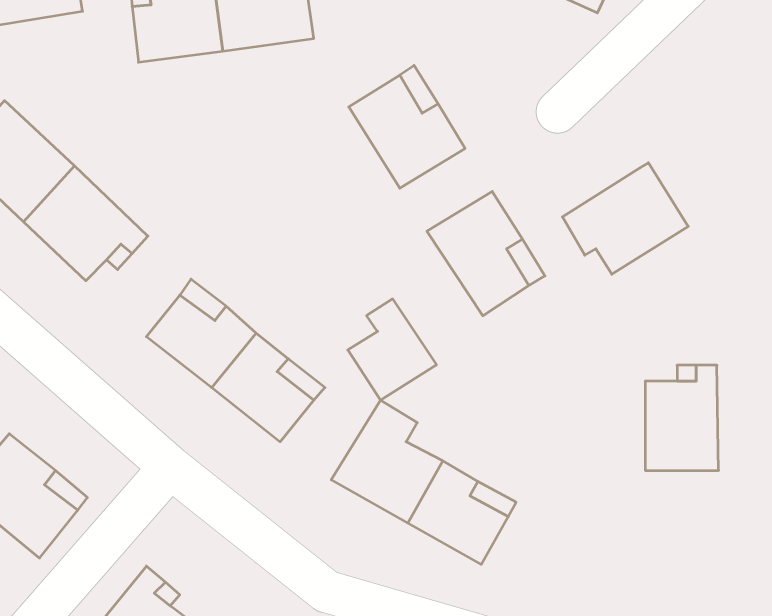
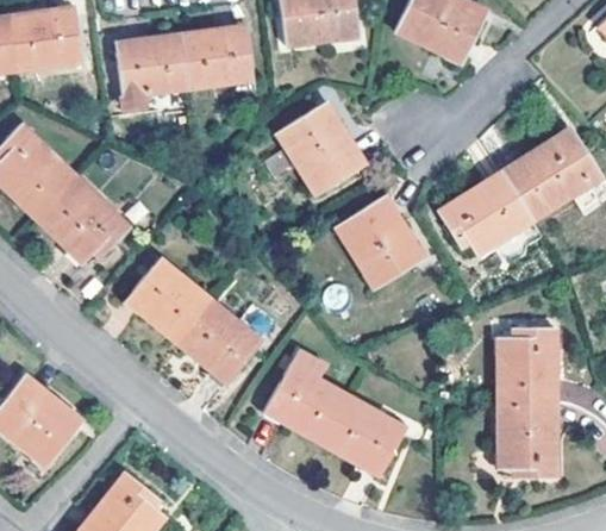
building: none -> [502,133,587,220]
building: [348,299,436,400] -> none
building: none -> [500,402,556,476]

